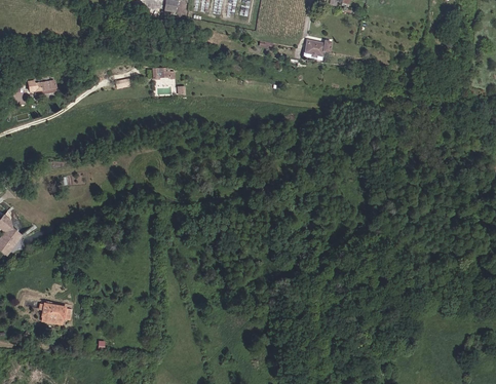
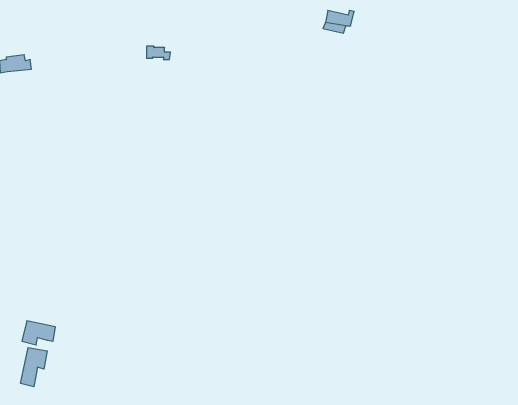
building: none -> [21,348,47,387]

